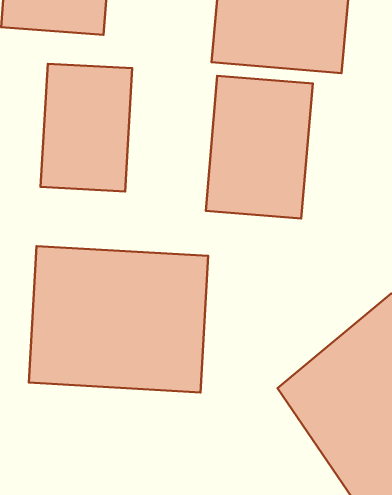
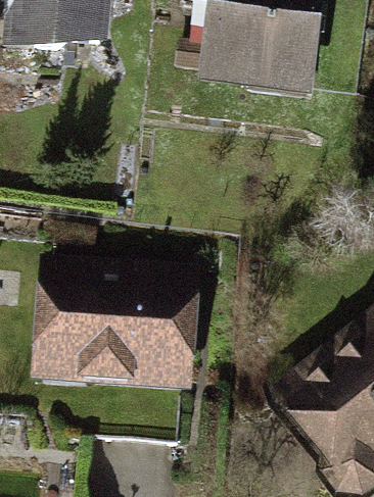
building: [41,64,132,191] -> none
building: [206,76,313,218] -> none

